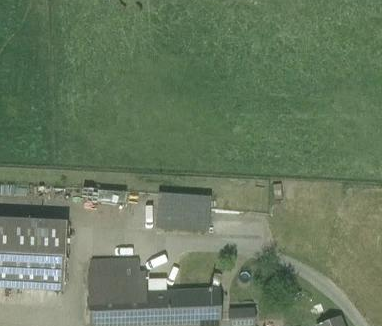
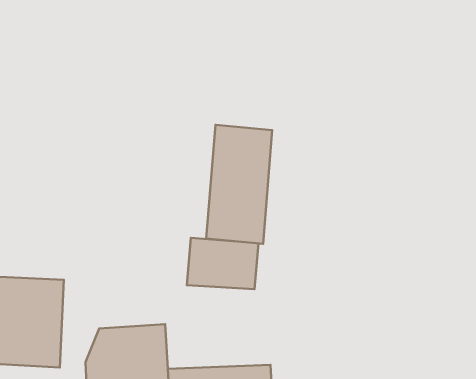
building: none -> [206,125,272,244]

